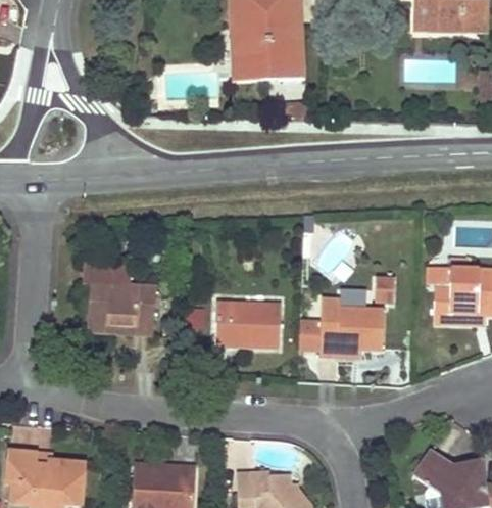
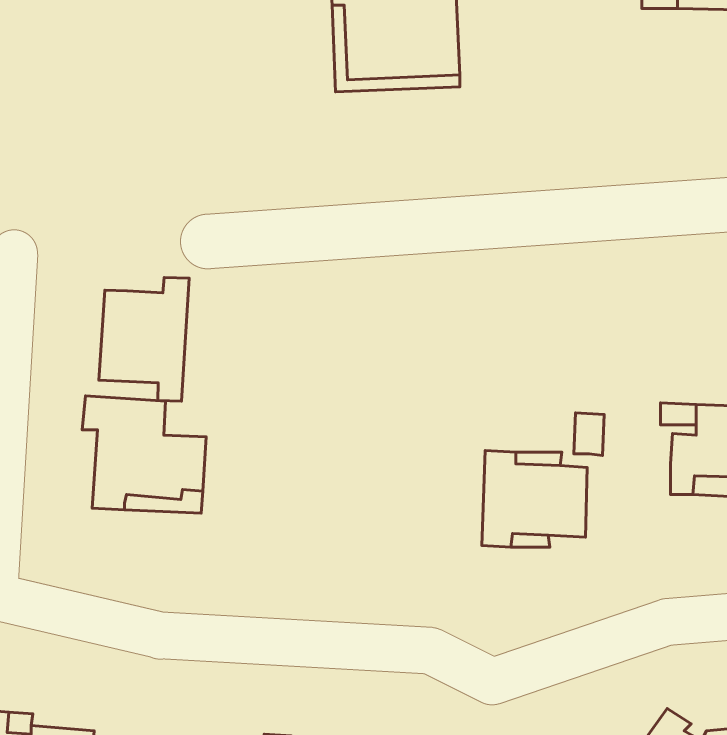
building: none -> [99,278,189,401]
building: [214,302,278,352] -> none

